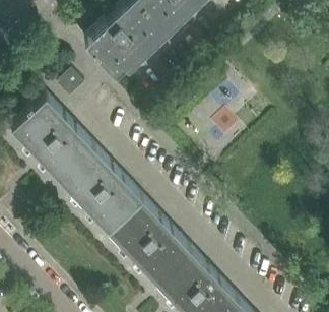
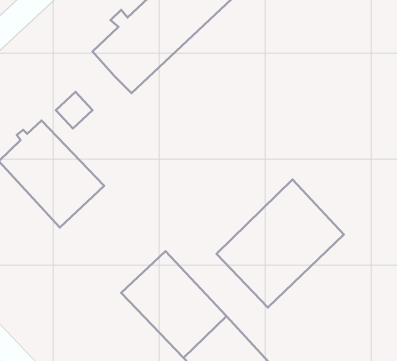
building: none -> [216,179,344,307]
building: [62,149,144,233] -> none

